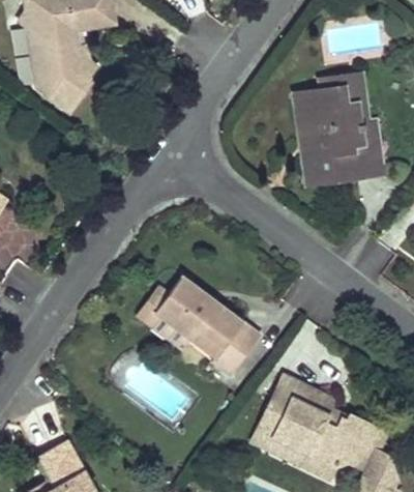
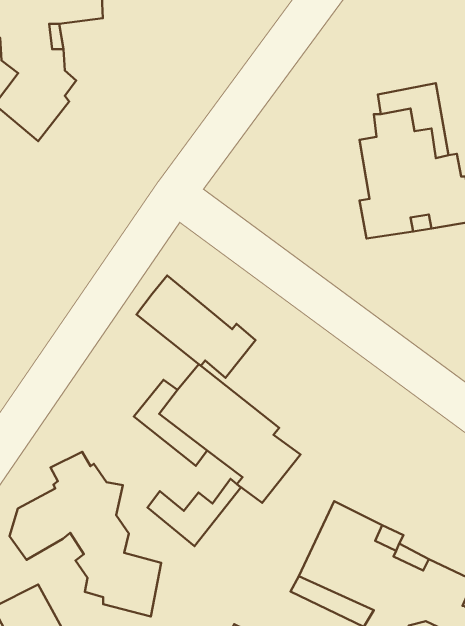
building: none -> [137,276,255,378]
building: none -> [9,452,161,616]
building: none -> [148,479,241,546]

